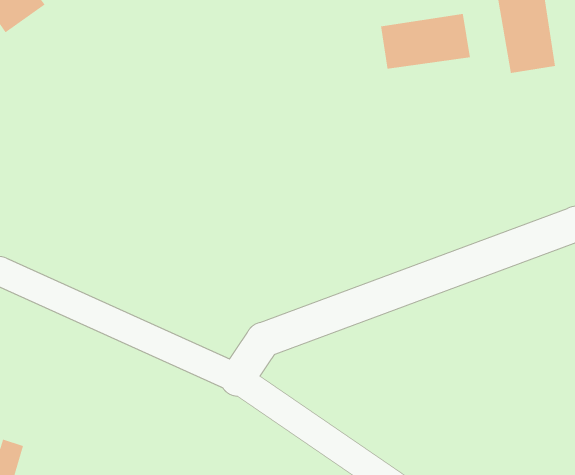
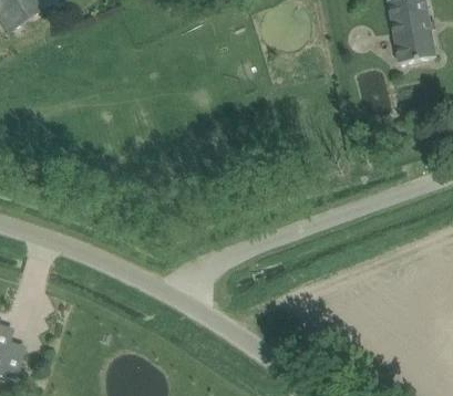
building: [380,13,470,69] -> none

